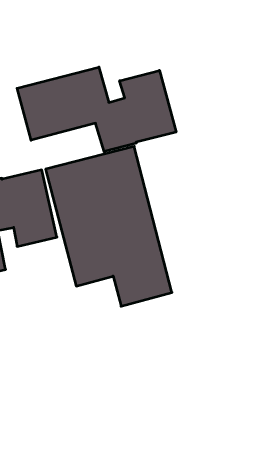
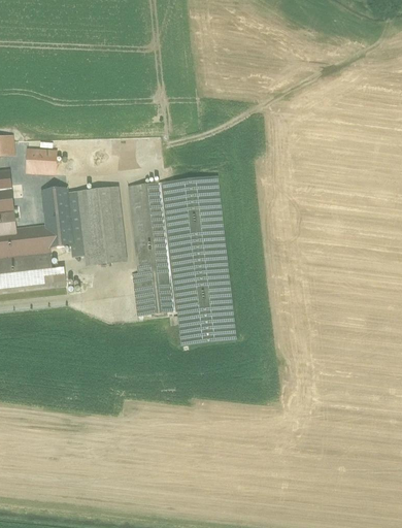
building: [17,67,176,152] -> none

